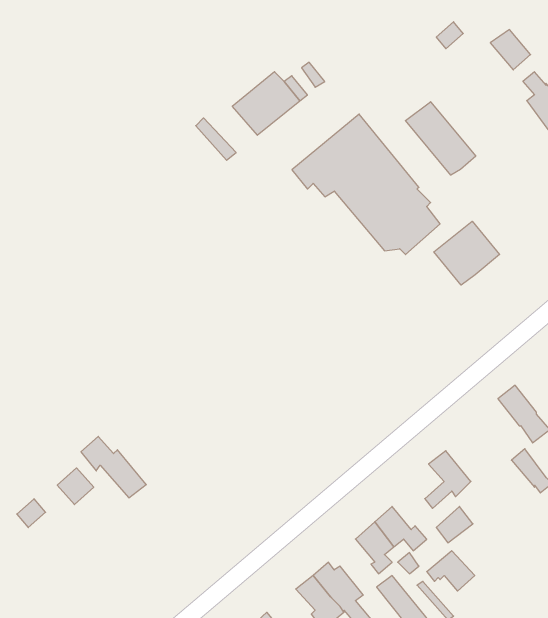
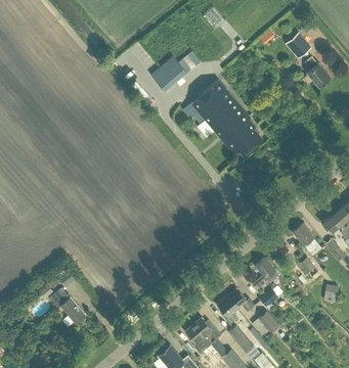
building: [405,102,476,175] -> none
building: [434,221,500,285] -> none
building: [81,436,146,498] -> [51,290,86,323]

